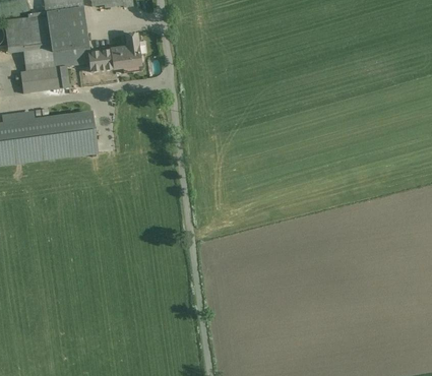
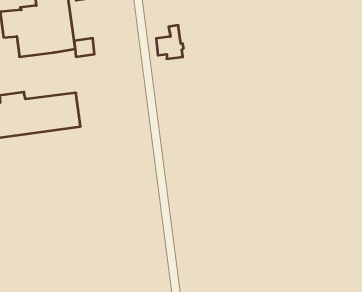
building: [110,34,141,72] -> [156,25,184,59]
building: [19,66,68,92] -> none

